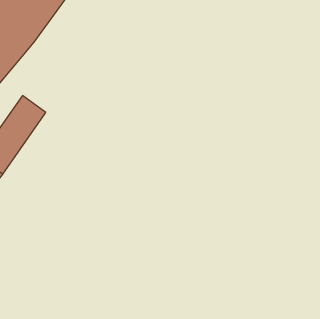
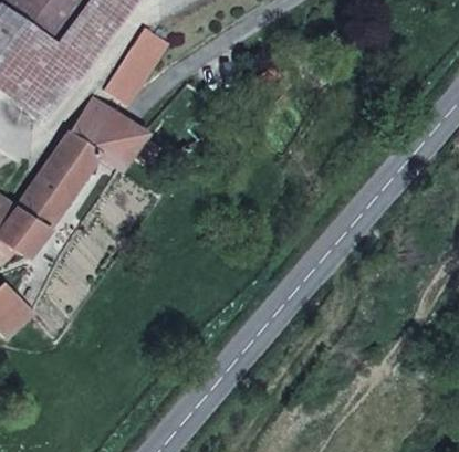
building: none -> [105,29,166,105]
building: none -> [70,99,144,169]

